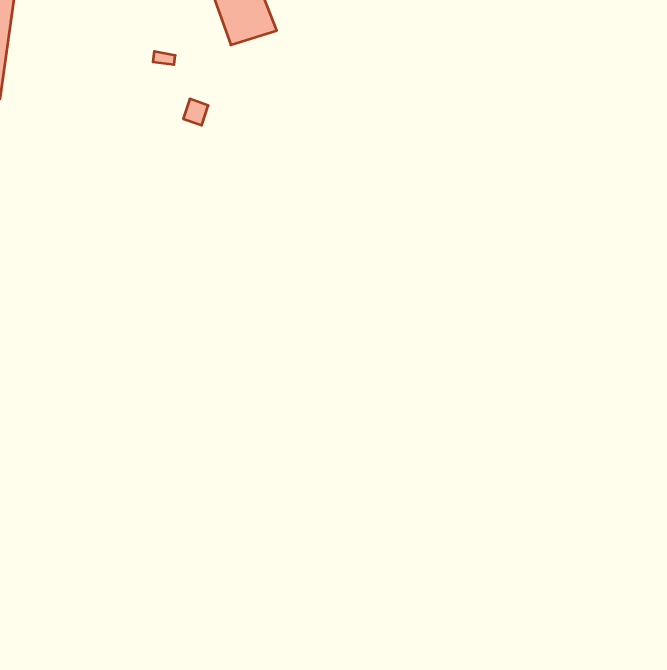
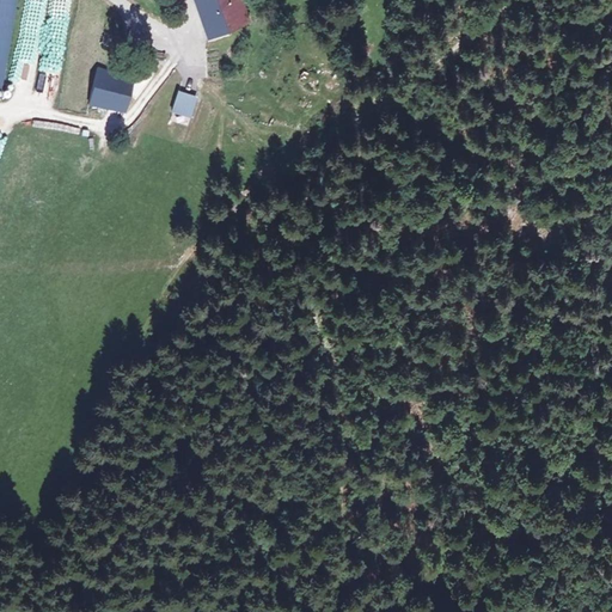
building: none -> [81,65,127,109]

